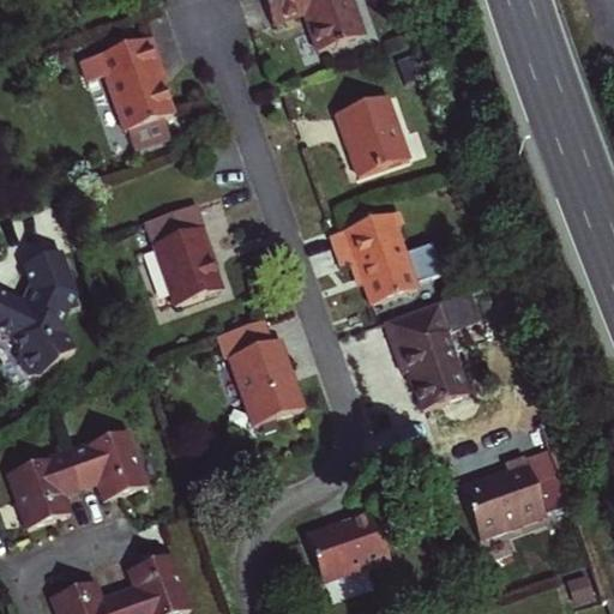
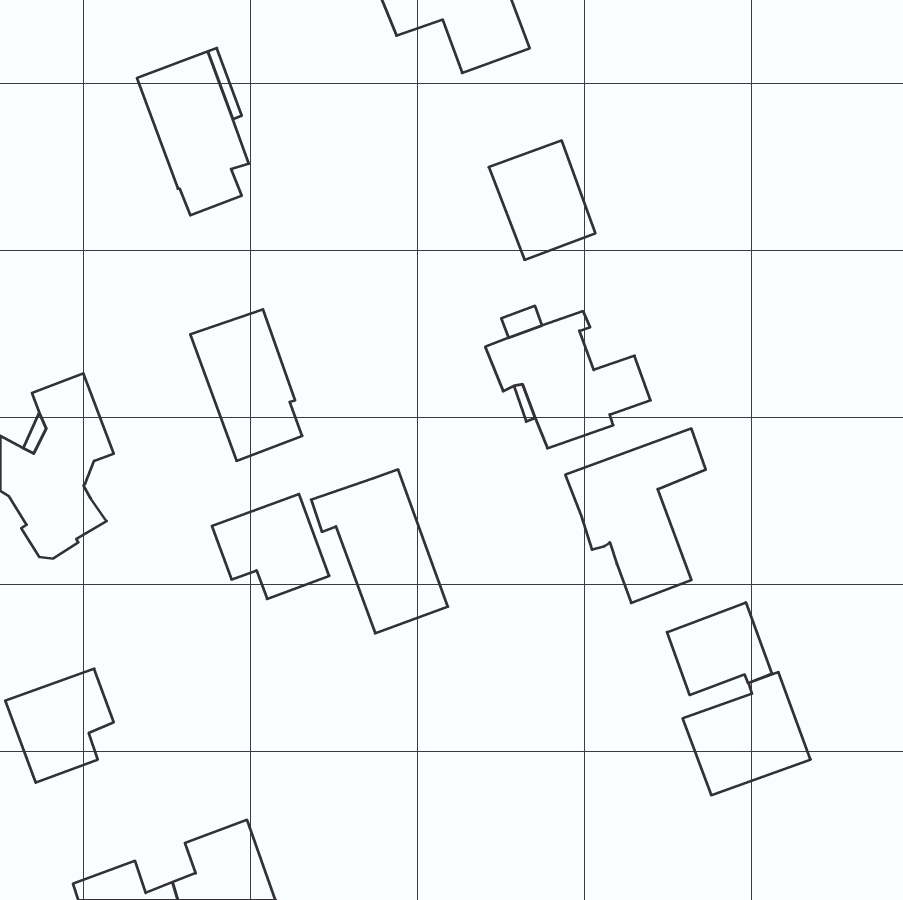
building: none -> [667,602,772,695]
building: [67,429,146,500] -> [212,494,329,599]
building: [311,508,395,583] -> none

